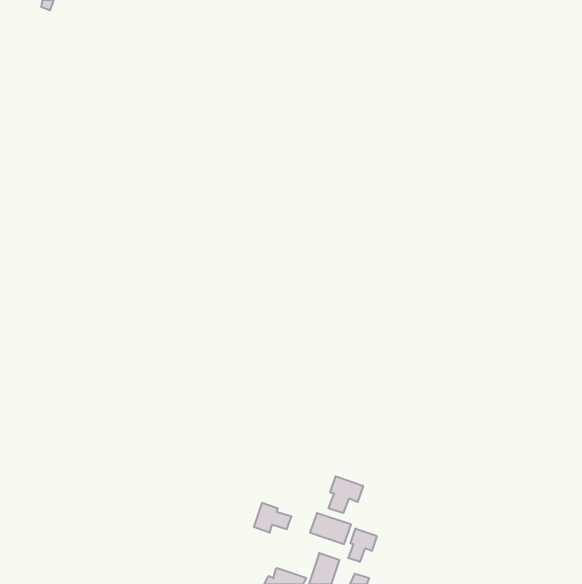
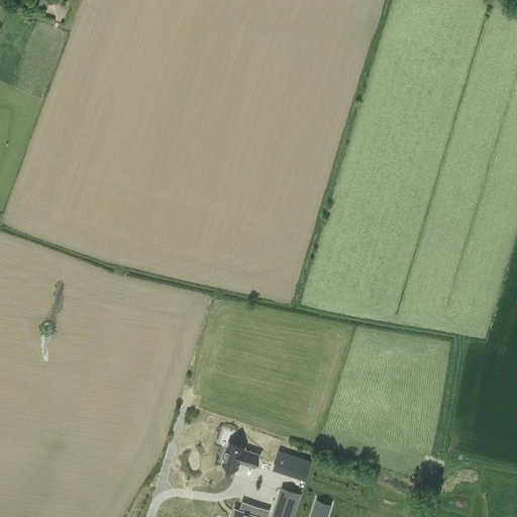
building: [329,476,363,513] -> none
building: [348,528,377,562] -> none

